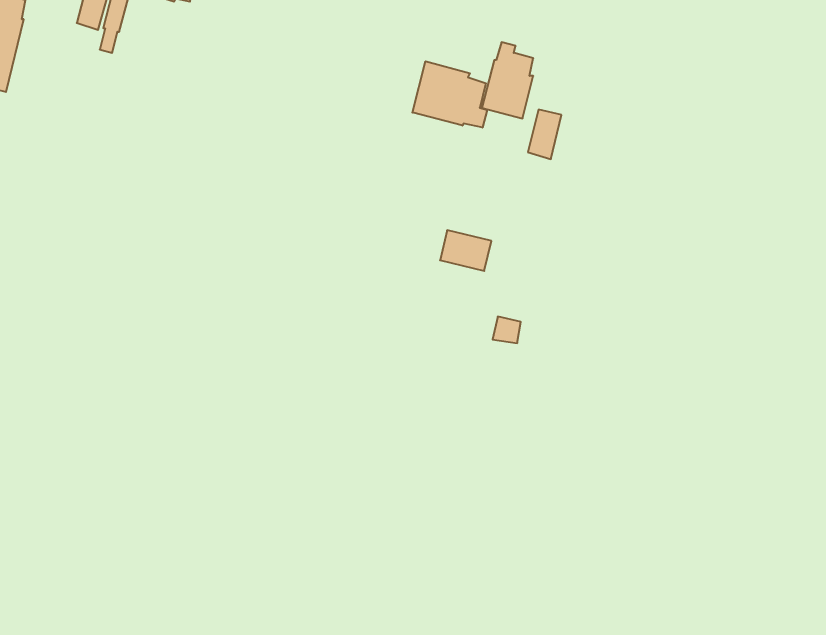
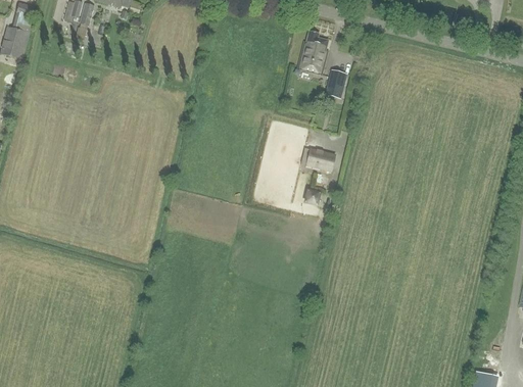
building: [412,61,487,128] -> none
building: [440,230,491,271] -> [304,147,334,171]

